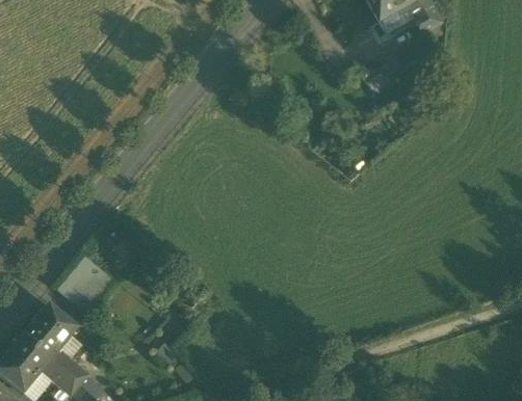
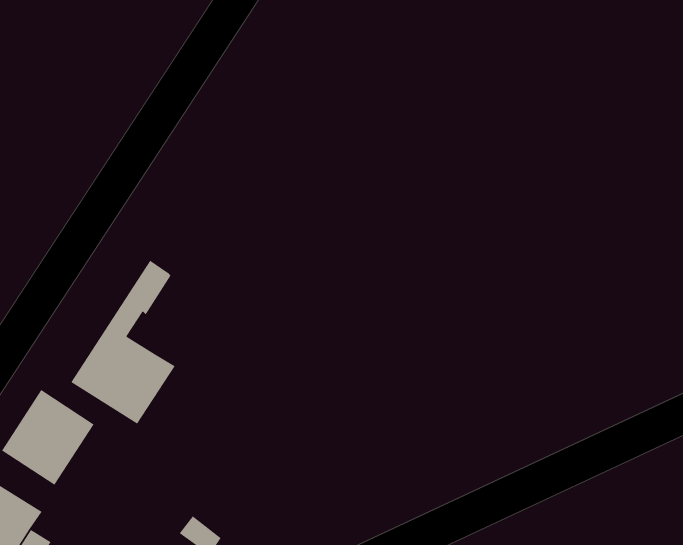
building: none -> [71,260,176,425]

